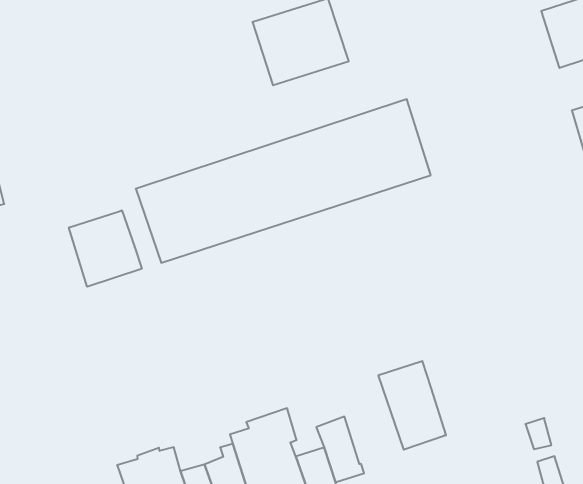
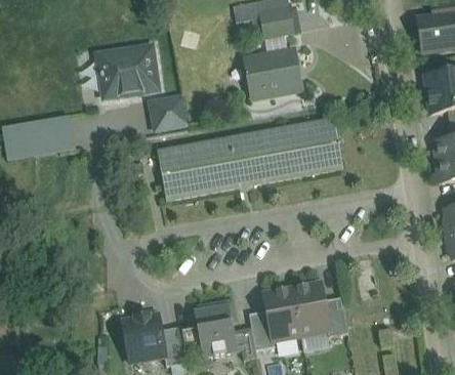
building: none -> [97,47,157,97]
building: none -> [150,96,187,130]
building: [69,210,142,287] -> none
building: none -> [263,288,300,341]
building: none -> [323,297,347,337]

